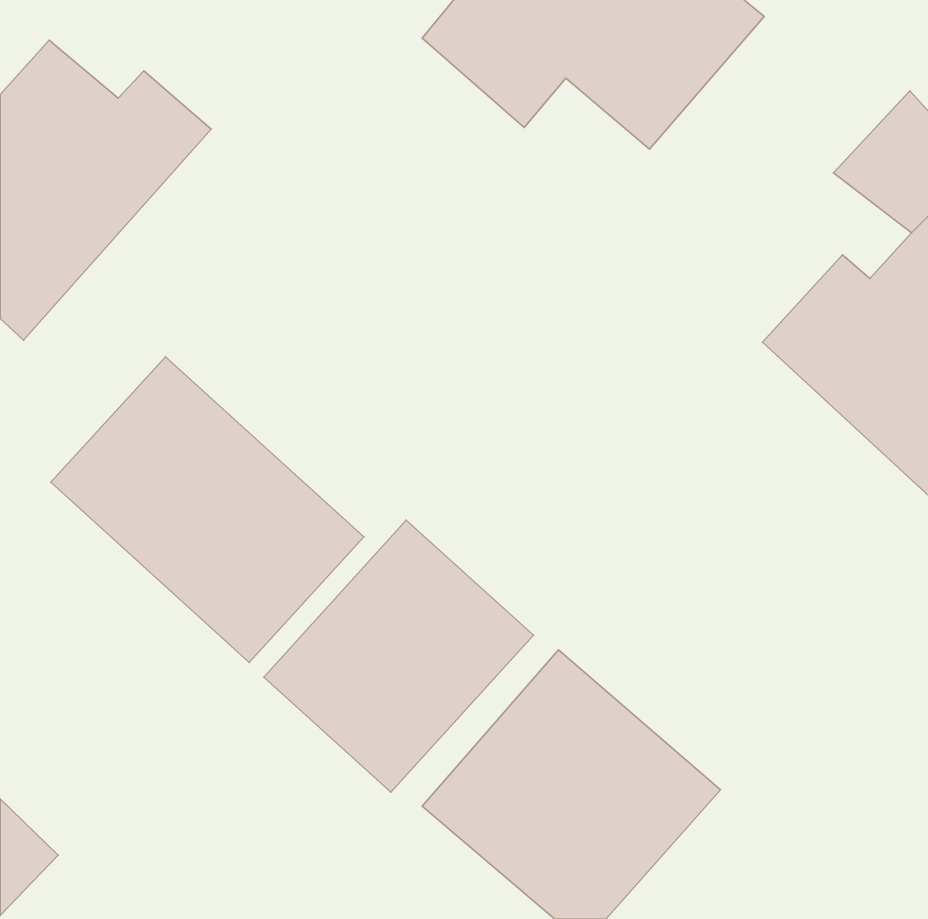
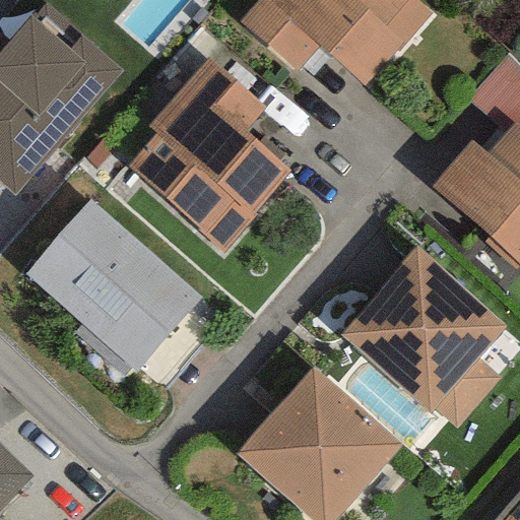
building: none -> [129,55,290,246]
building: none -> [338,250,500,424]
building: [264,520,534,792] -> none

